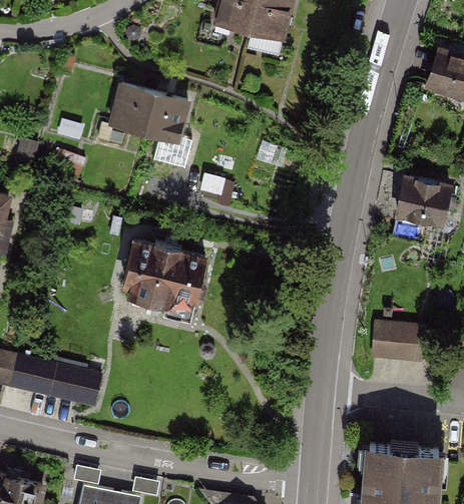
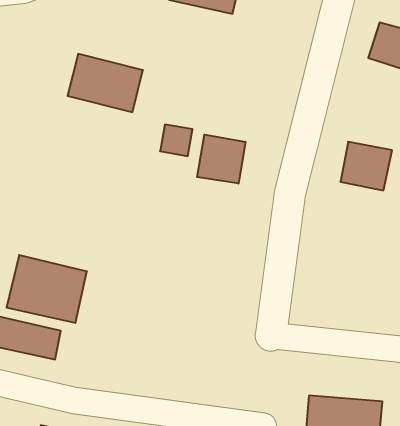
building: none -> [197,135,245,184]
building: [120,241,204,313] -> [7,255,87,323]
building: [379,318,419,353] -> none

